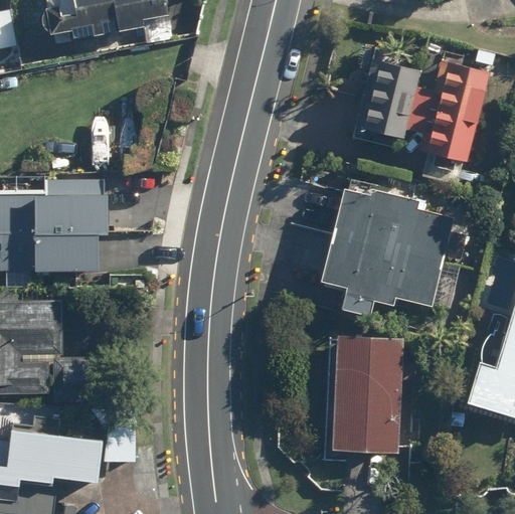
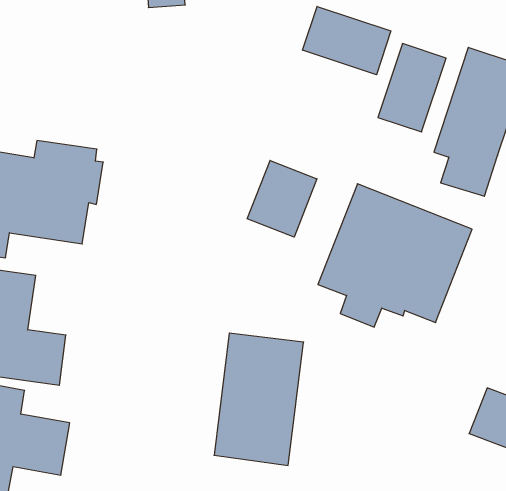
building: none -> [303,6,391,75]
building: none -> [247,160,317,237]
building: [336,335,406,450] -> [214,333,304,465]

